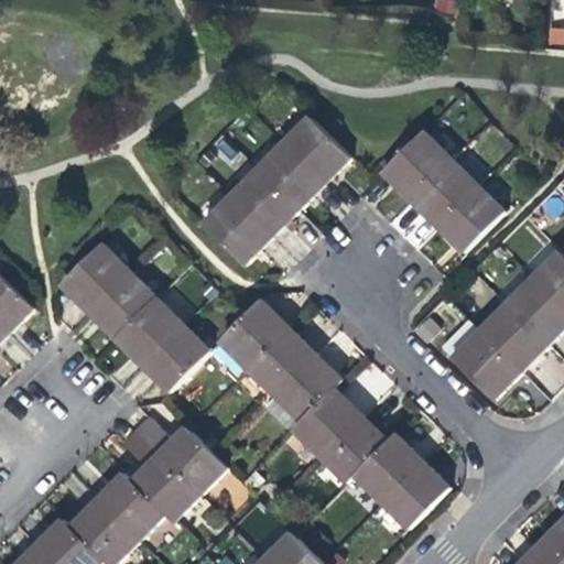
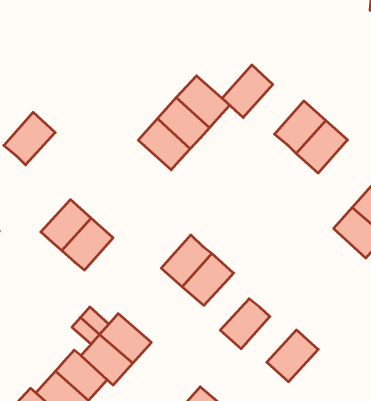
building: [380,130,448,199] -> [222,65,273,118]
building: [196,197,267,267] -> none
building: [61,242,130,312] -> [4,112,55,165]
building: [219,301,288,369] -> none
building: [143,325,210,392] -> none
building: [449,329,519,399] -> none
building: [293,389,360,456] -> none
building: [352,435,421,502] -> none

